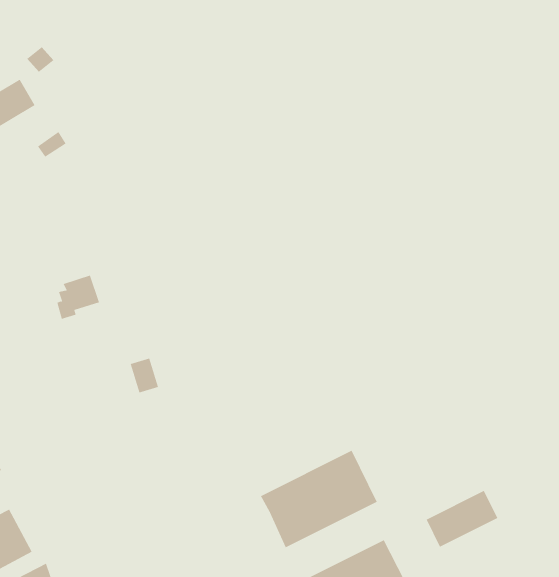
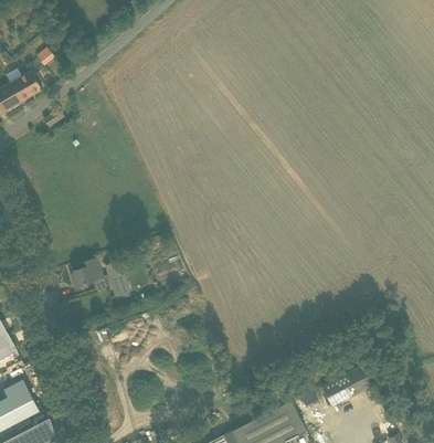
building: [57,275,100,319] -> [73,259,104,291]
building: [260,450,377,548] -> none

